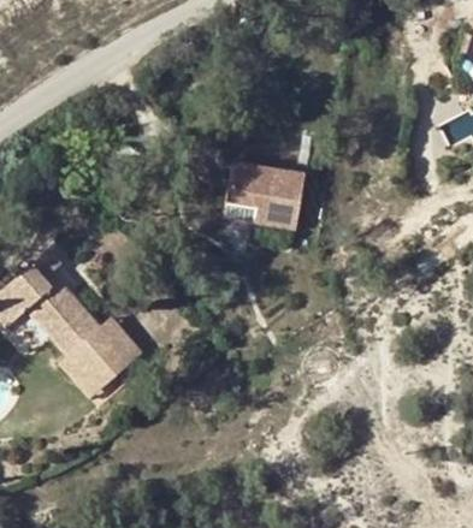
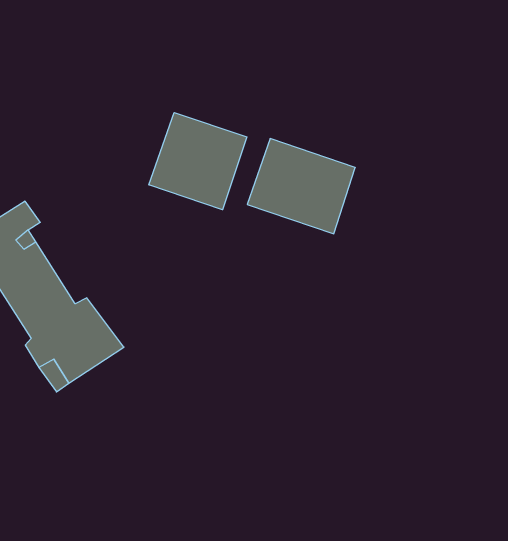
building: none -> [149,113,247,210]

